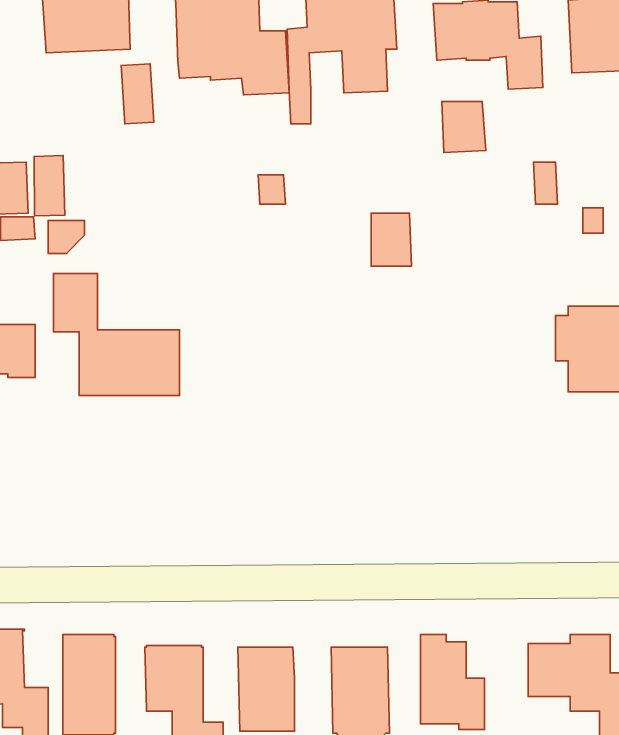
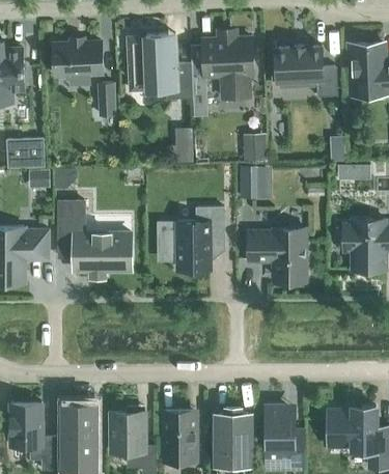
building: [442,101,486,152] -> [243,134,268,163]
building: [34,156,65,216] -> none
building: none -> [163,207,224,270]
building: none -> [247,228,306,277]

